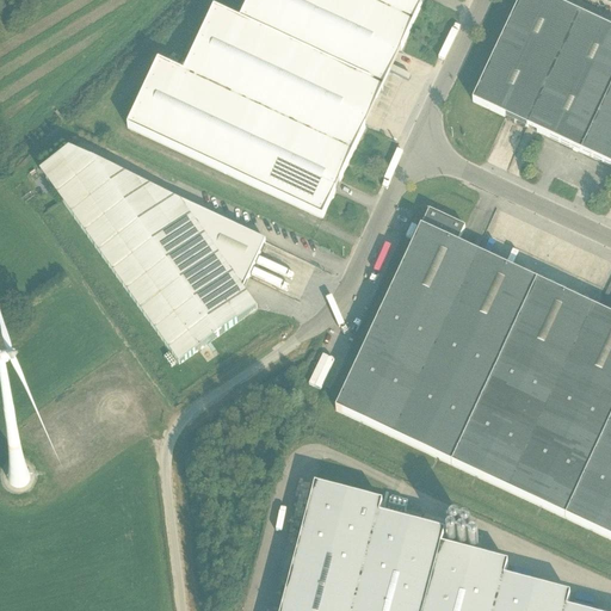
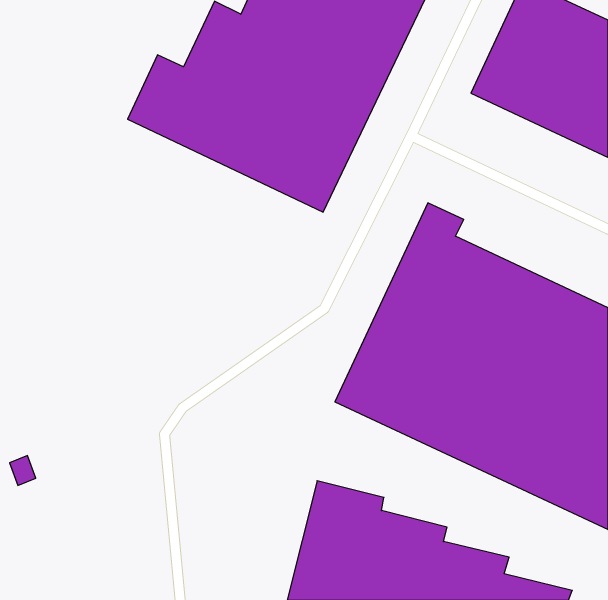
building: [41,141,266,359] -> none

